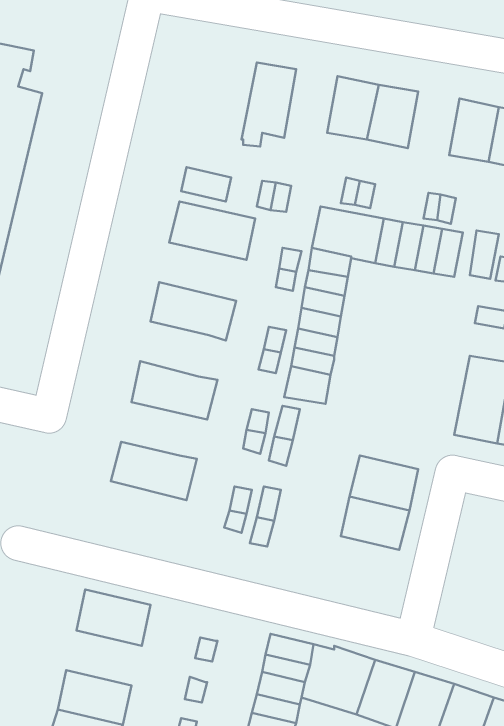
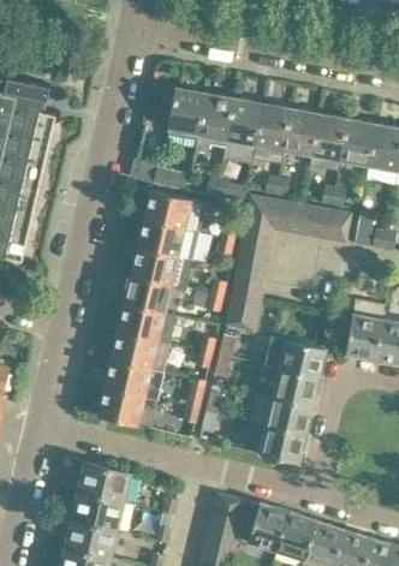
building: none -> [166,88,206,148]
building: none -> [222,99,262,163]
building: none -> [311,114,347,159]
building: none -> [137,220,198,261]
building: none -> [124,275,172,314]
building: none -> [111,332,171,371]
building: none -> [263,338,324,379]
building: none -> [97,387,156,429]
building: none -> [257,425,305,464]
building: none -> [72,491,125,530]

